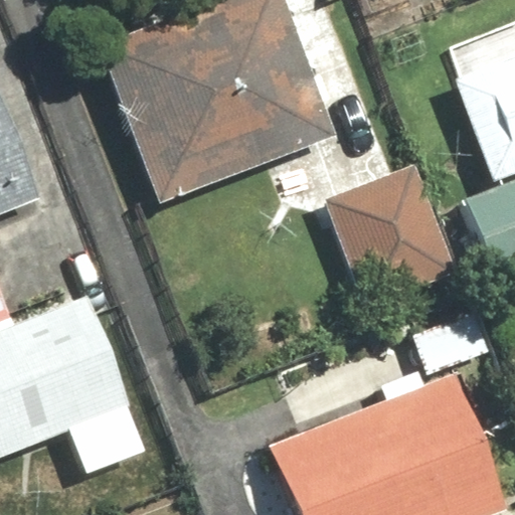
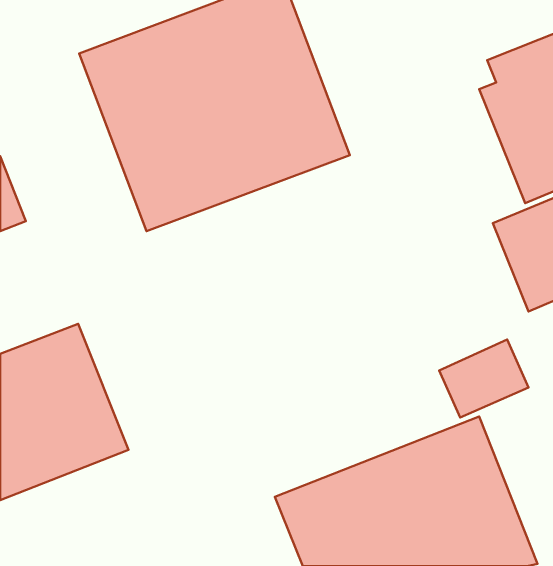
building: [319,165,453,305] -> none

